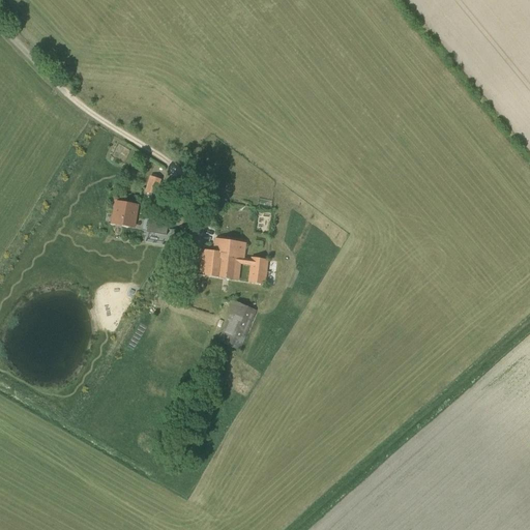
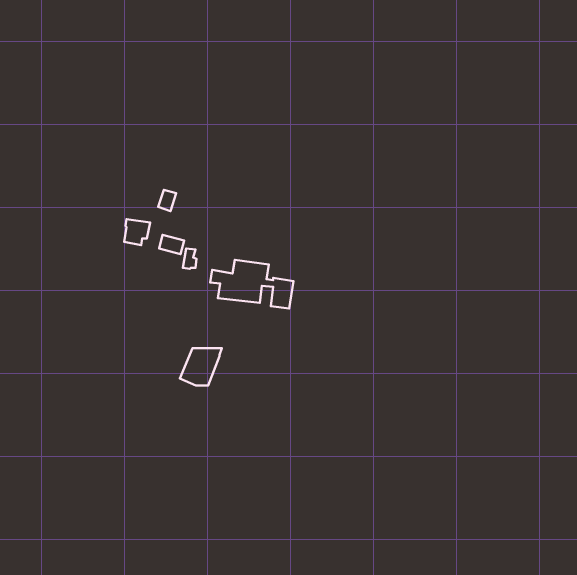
building: [217,311,256,345] -> [180,348,222,385]

